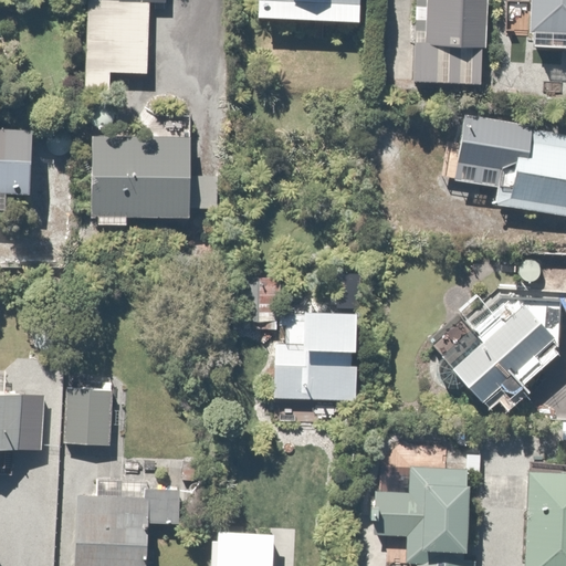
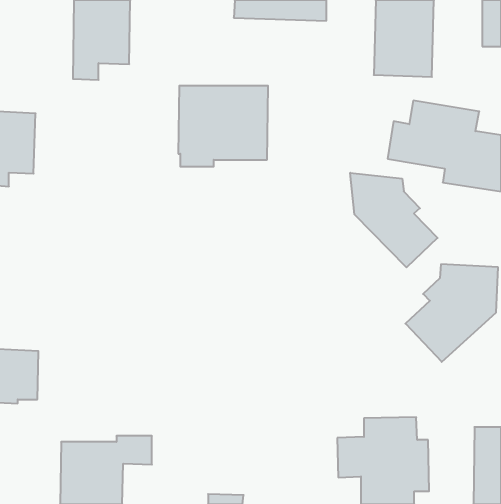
building: [93,135,193,226] -> [178,86,268,167]
building: none -> [350,173,438,267]
building: [263,310,363,400] -> none
building: [63,388,111,442] -> none

